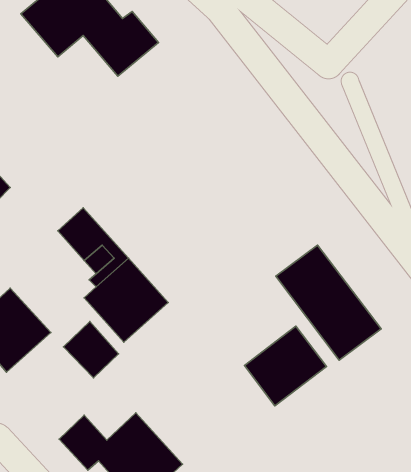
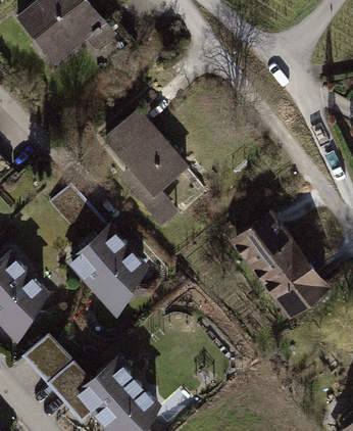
building: none -> [106,111,187,224]
building: [64,322,119,378] -> [26,334,72,382]
building: [244,326,326,406] -> none

